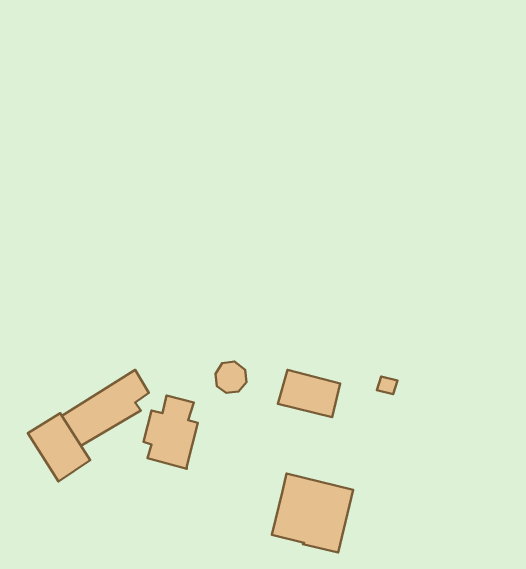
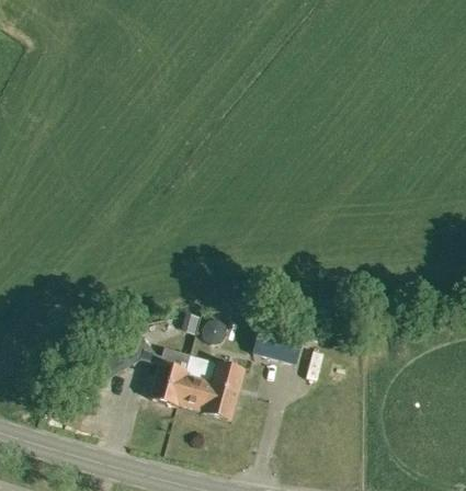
building: [28,413,90,482] -> none
building: [272,474,353,552] -> [180,355,246,419]

